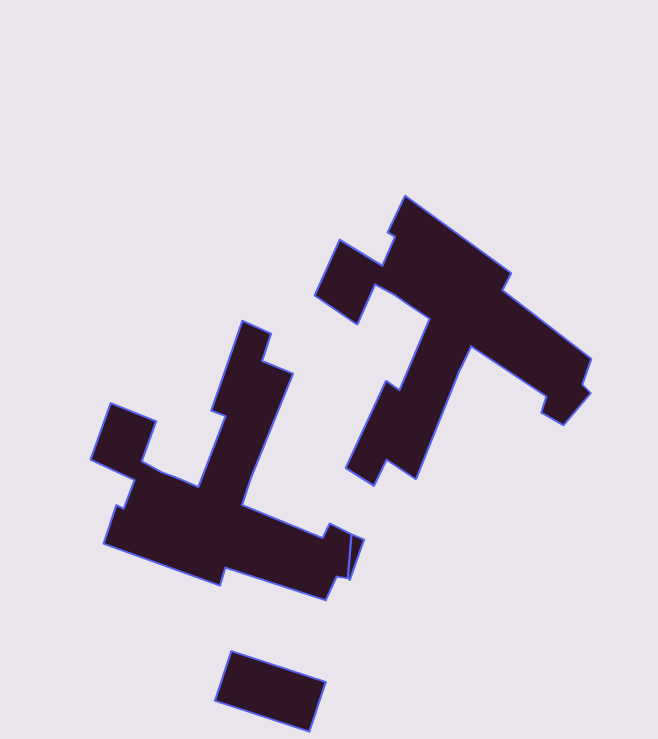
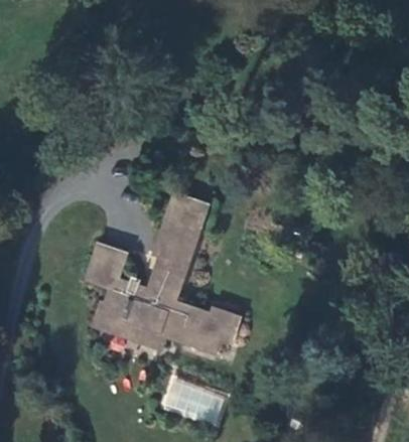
building: [315,196,591,486] -> none

